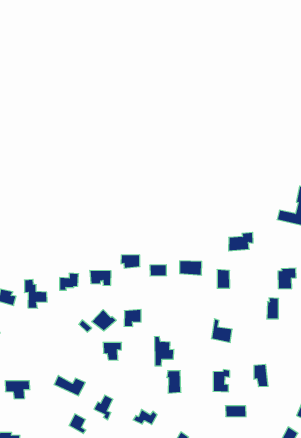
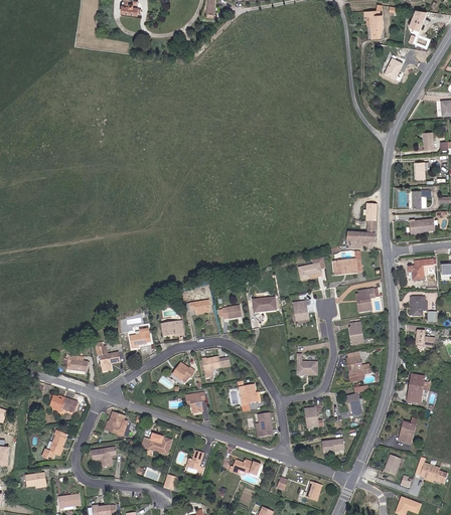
building: none -> [333,250,362,275]
building: none -> [346,352,371,381]
building: none -> [105,411,130,437]

